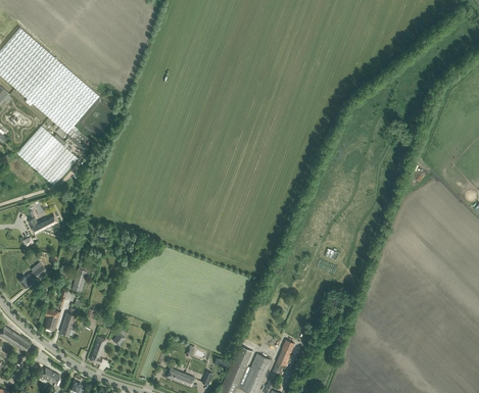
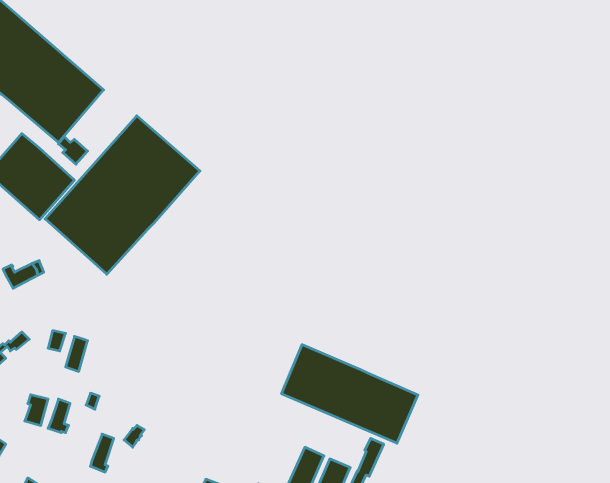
building: none -> [45,116,200,274]
building: none -> [282,345,418,443]

